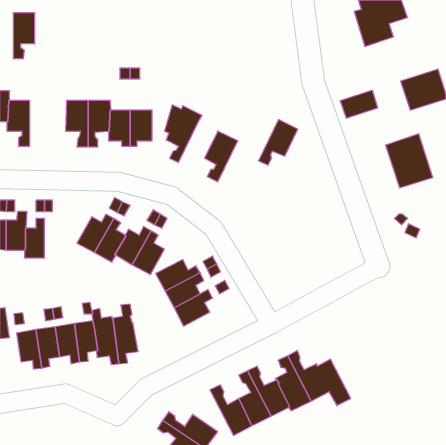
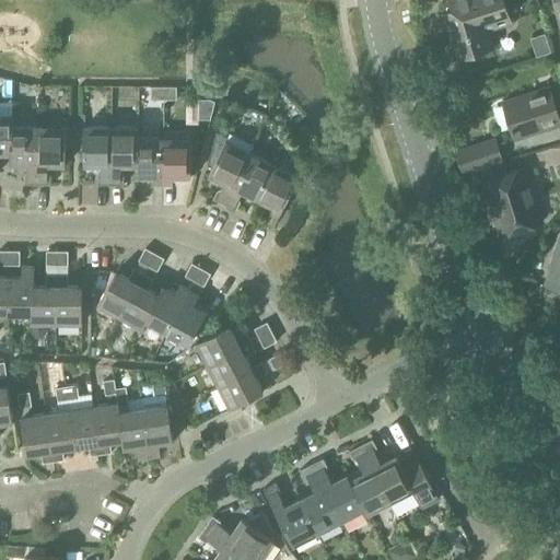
building: [13,13,35,58] -> [37,128,65,185]
building: [340,90,378,118] -> [454,140,501,175]
building: [258,120,298,165] -> [223,154,272,211]
building: none -> [56,276,81,325]

